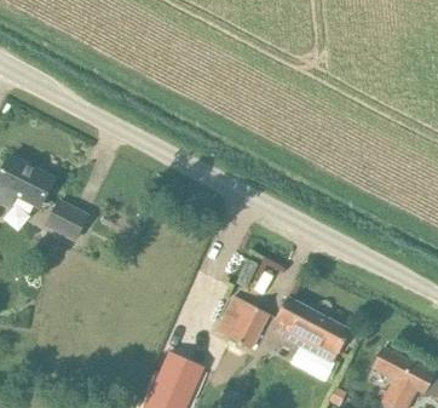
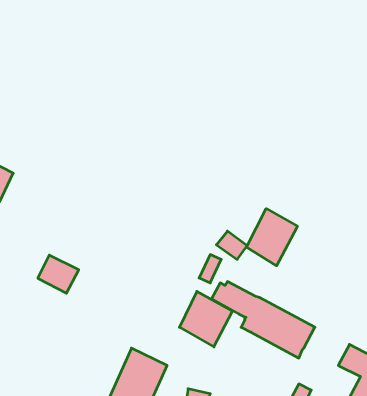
building: [47,200,87,237] -> [38,255,79,293]
building: none -> [246,209,297,266]

